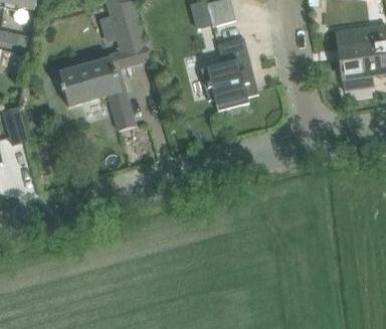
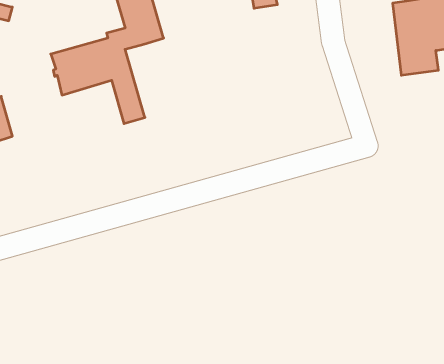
building: [200,36,258,110] -> none

